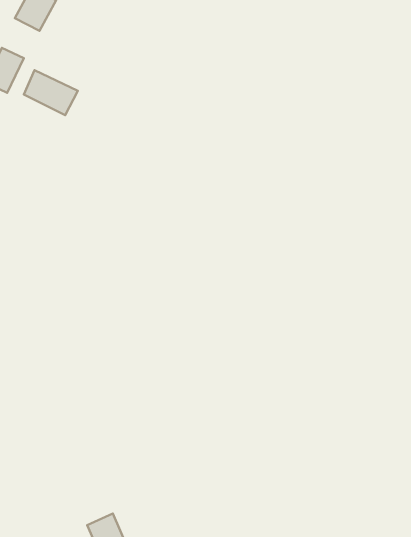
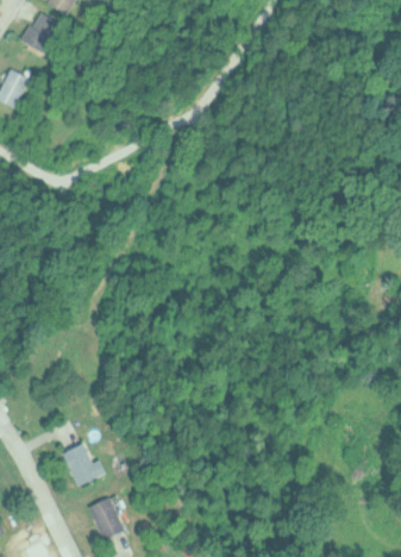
building: [24,70,78,115] -> none
building: none -> [61,444,106,488]

